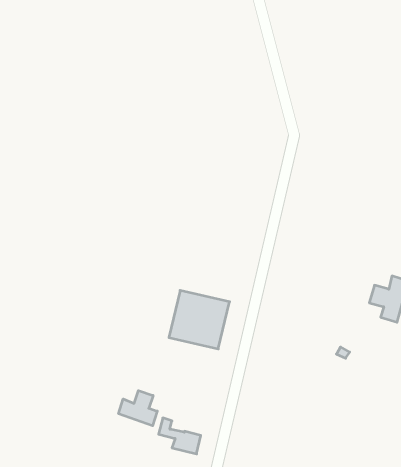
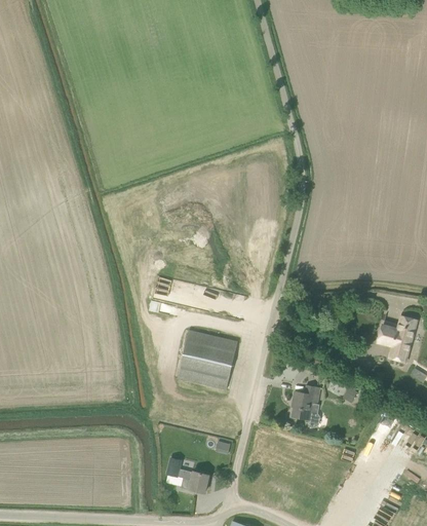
building: none -> [292,385,321,426]
building: [119,391,157,426] -> none

